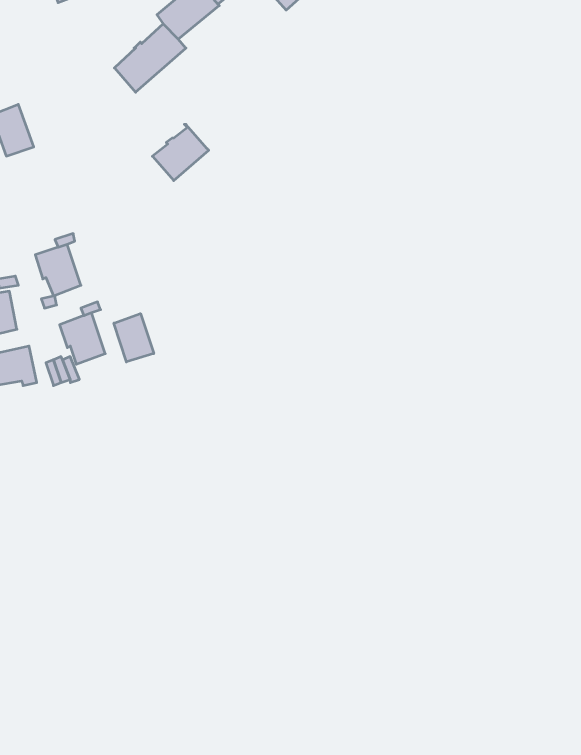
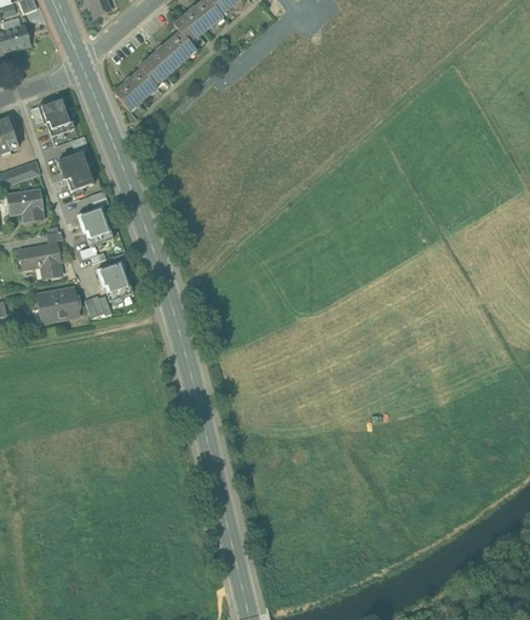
building: [152,124,209,181] -> [113,65,157,110]
building: none -> [58,148,94,191]
building: [114,314,154,362] -> none

